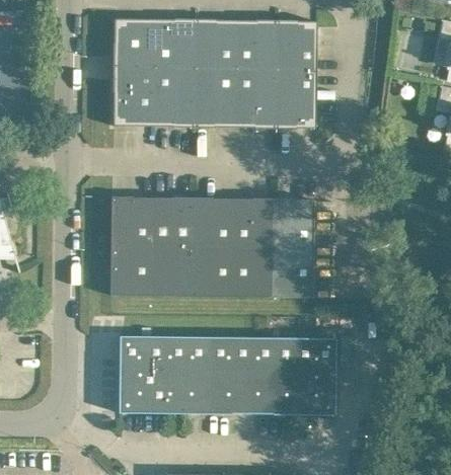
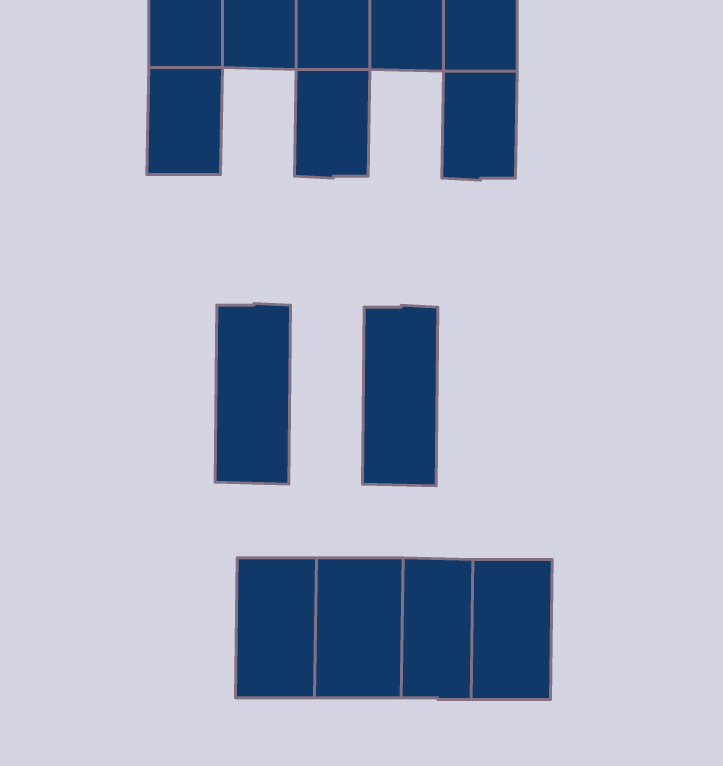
building: [153,67,195,127] -> none
building: [234,68,276,128] -> none
building: [109,196,151,295] -> none
building: [191,197,232,296] -> none
building: [272,199,313,297] -> none
building: [118,335,162,413] -> none

